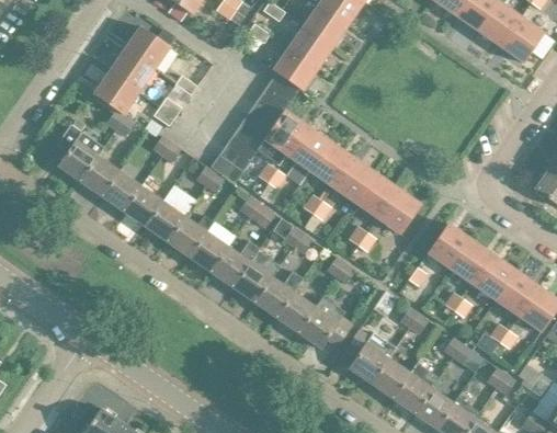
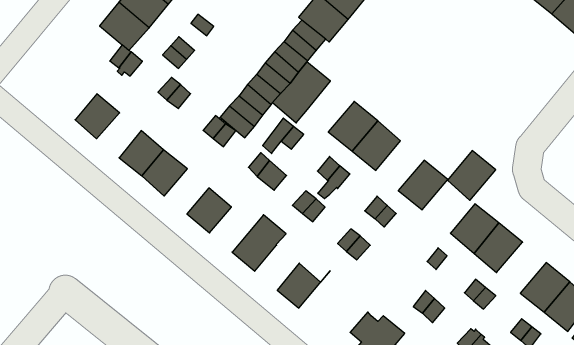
building: [56,124,98,181] -> none
building: [287,125,330,171] -> none
building: [101,171,140,212] -> none
building: [355,173,398,218] -> [447,151,496,200]
building: [167,216,206,257] -> none
building: [211,240,259,287] -> none
building: [473,254,516,300] -> none
building: [254,271,303,318] -> none
building: [297,296,352,349] -> none

